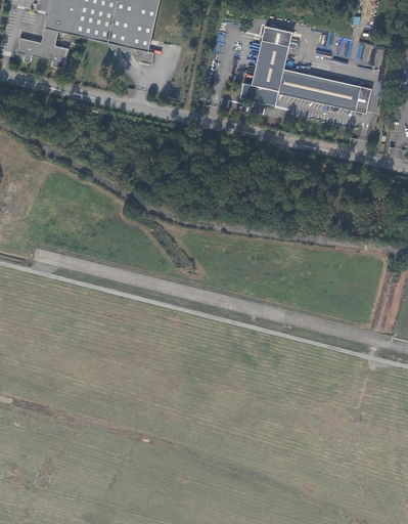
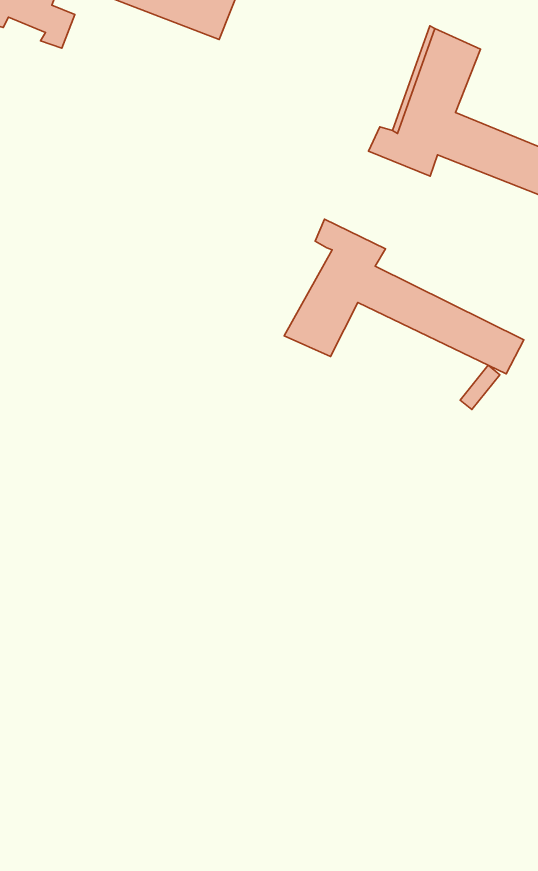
building: none -> [284,219,524,374]

